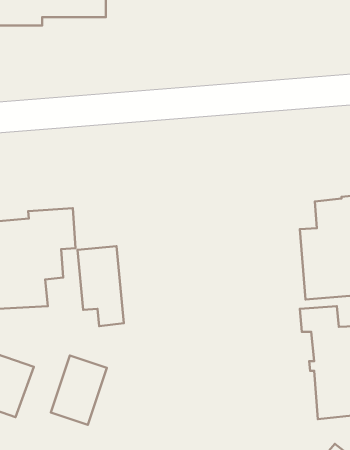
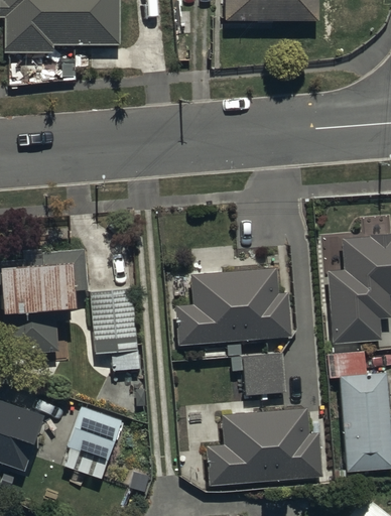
building: none -> [177,268,292,346]
building: none -> [244,353,286,396]
building: none -> [209,409,324,485]

